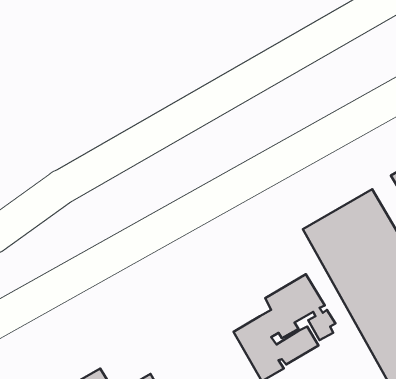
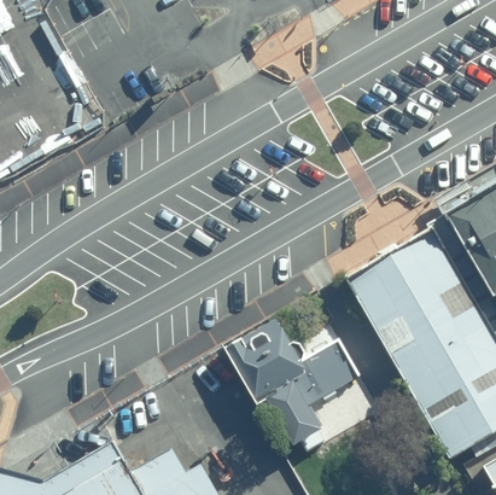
building: none -> [226,316,313,406]

